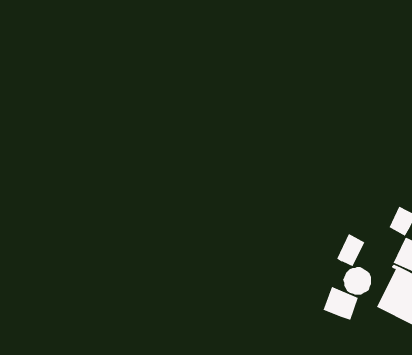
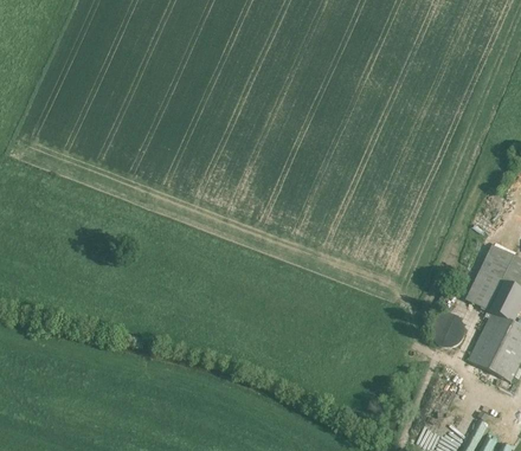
building: [336,233,365,267] -> [469,269,502,308]
building: [323,286,359,321] -> none

